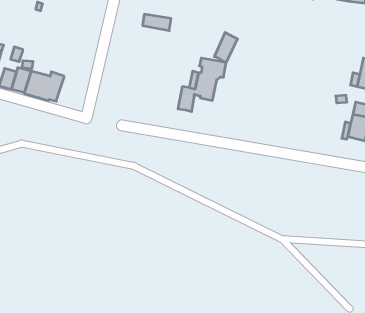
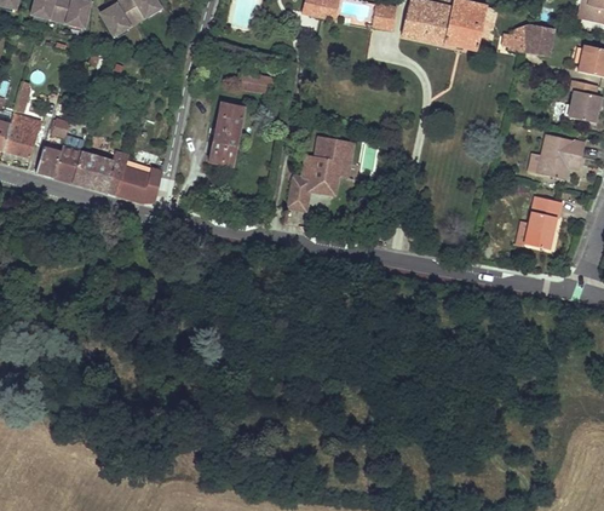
building: [214,32,238,62] -> none
building: none -> [207,102,245,166]
building: none -> [116,160,161,202]

